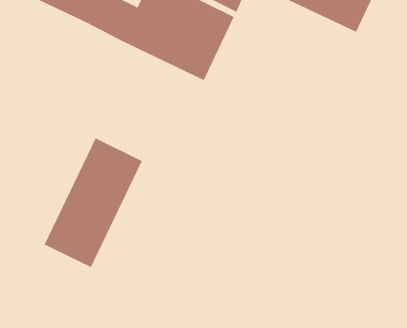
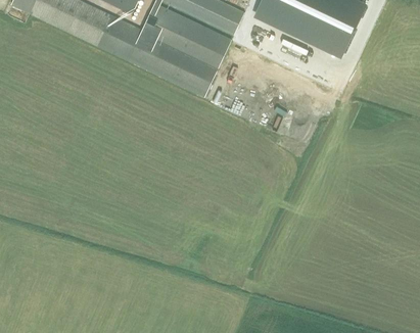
building: [44,138,143,268] -> none

